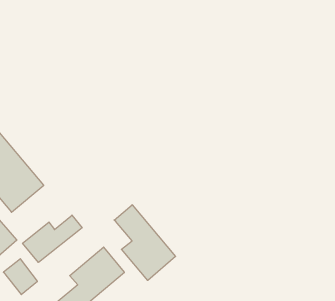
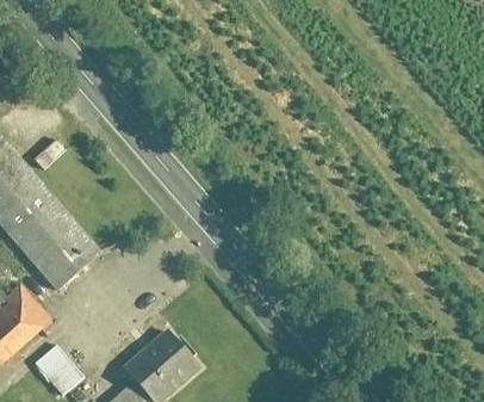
building: [114,205,176,280] -> none
building: [23,215,82,262] -> none

